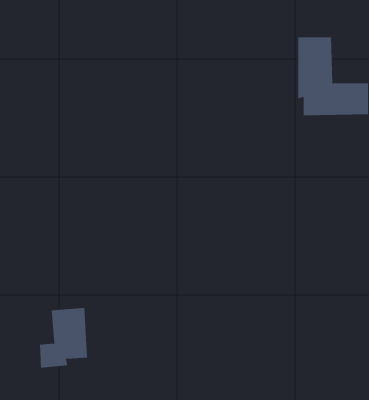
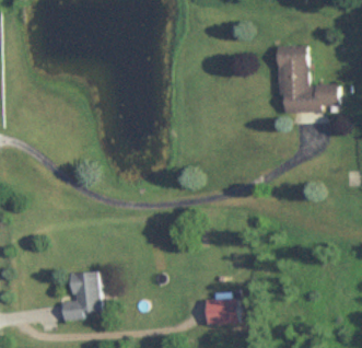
building: none -> [202,299,235,324]

